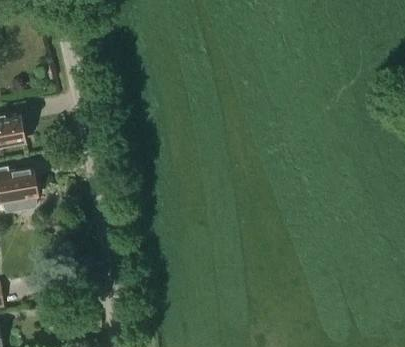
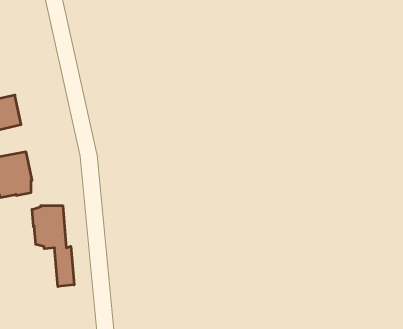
building: none -> [32,206,74,287]

